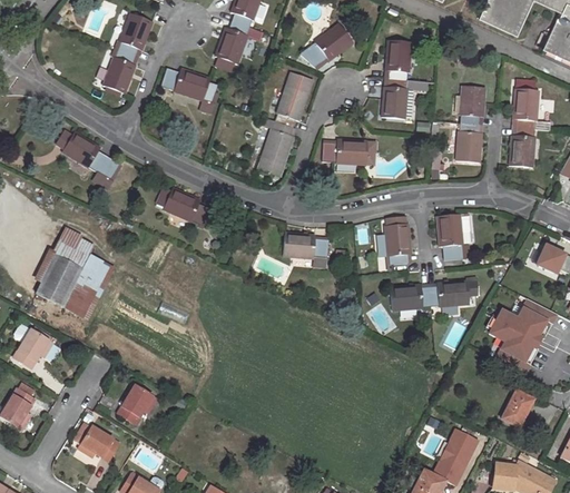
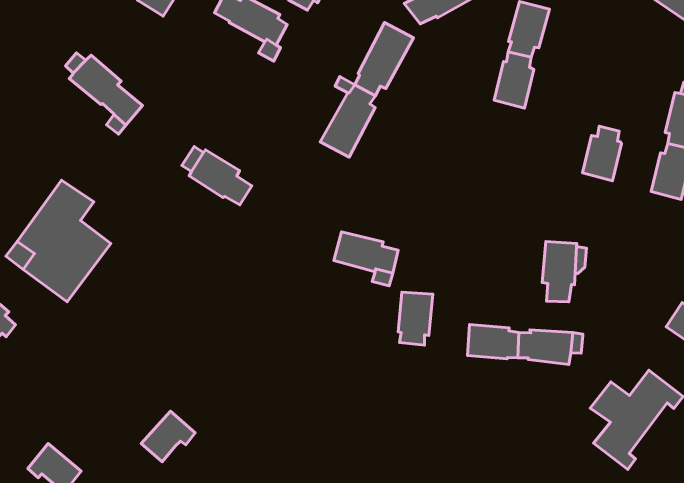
building: [459,85,485,124] -> none
building: [322,139,375,164] -> none
building: [384,223,410,263] -> [398,292,433,345]
building: [117,385,156,424] -> [141,411,195,462]

